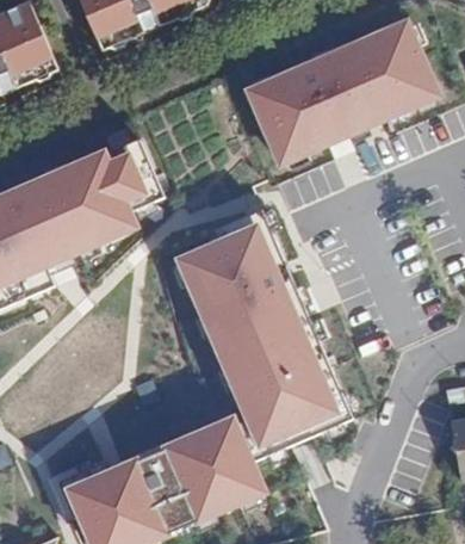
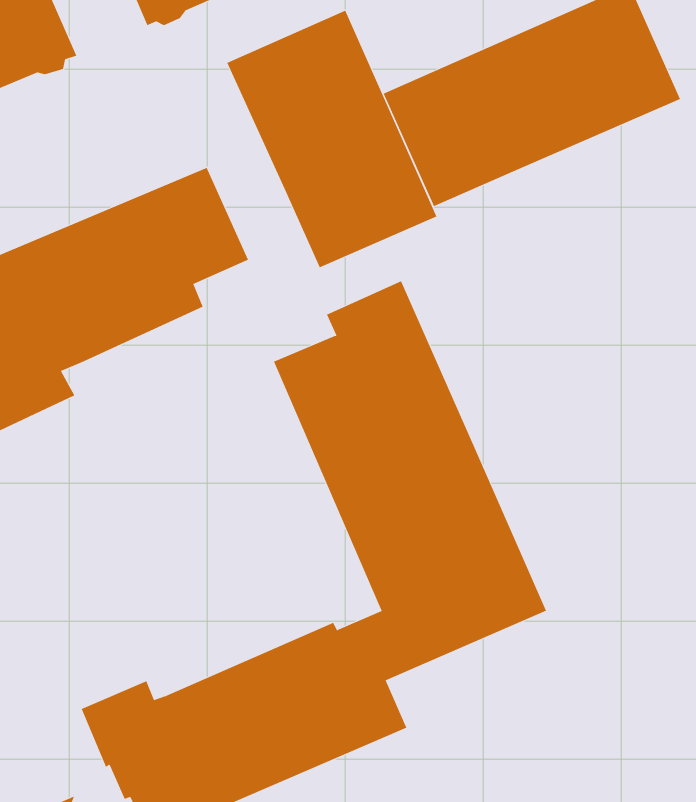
building: none -> [227,10,437,268]

